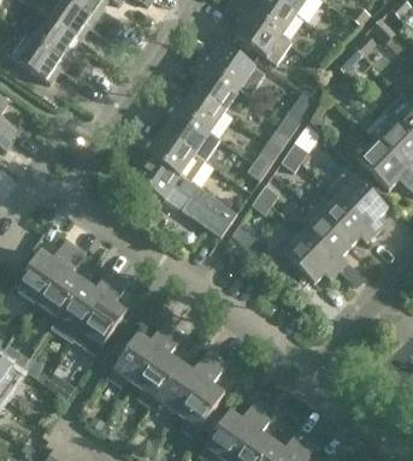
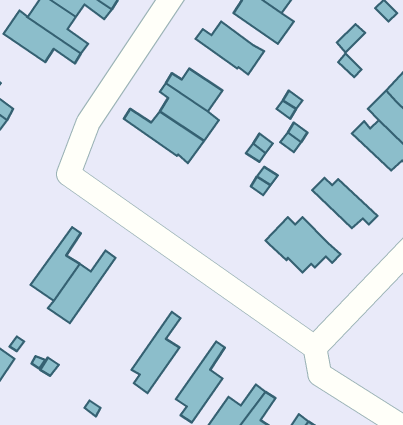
building: [191,60,238,111] -> none
building: [120,138,236,236] -> none
building: [330,170,388,234] -> none
building: [301,208,350,271] -> none
building: [14,237,77,301] -> none
building: [75,274,129,354] -> none
building: [107,320,175,384] -> none
building: [157,349,218,413] -> none

